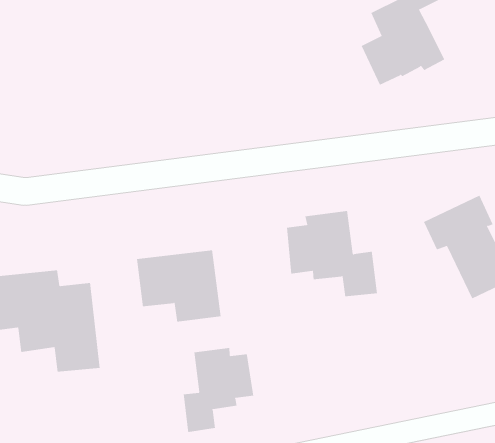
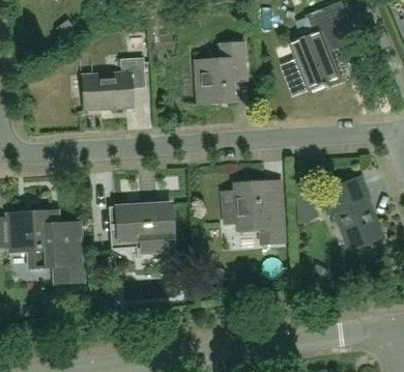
building: none -> [194,44,246,104]
building: none -> [84,58,145,111]
building: [183,347,254,433] -> none

